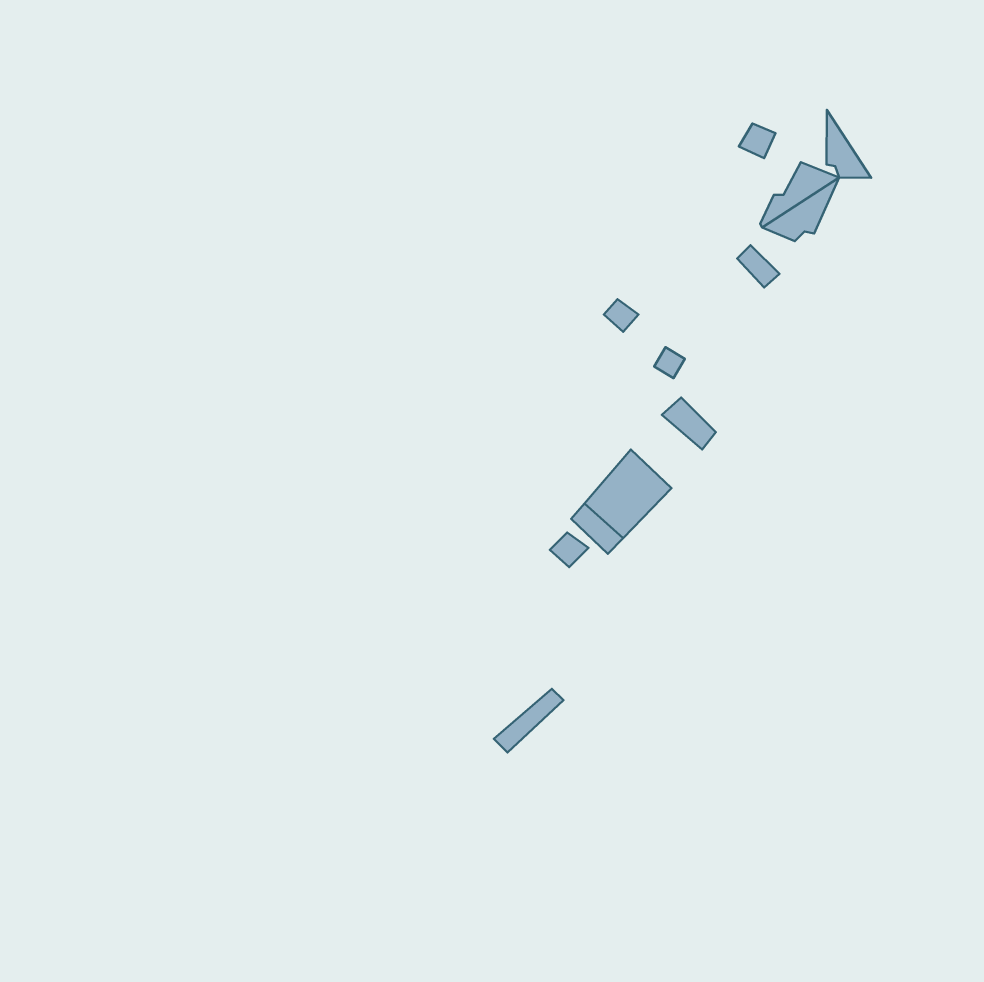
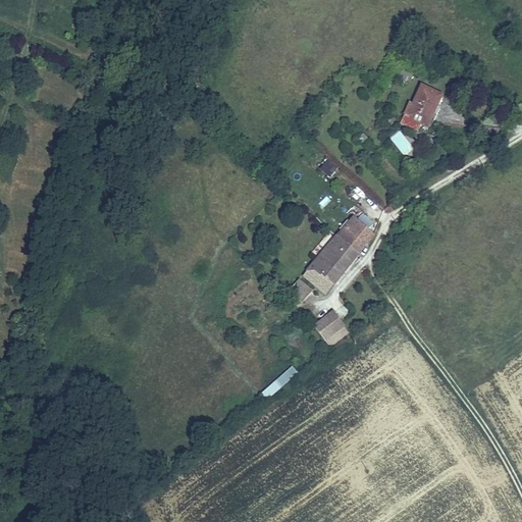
building: [826,110,871,178] -> none
building: none -> [333,219,371,258]
building: none -> [316,314,349,346]

